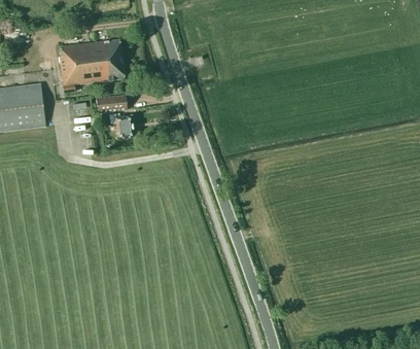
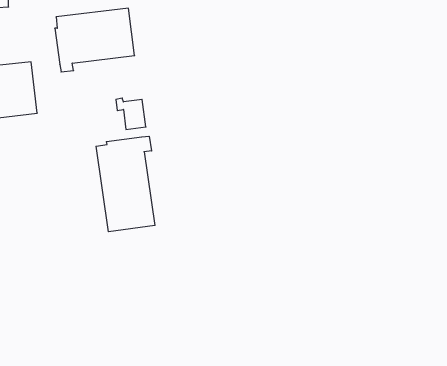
building: [98,95,128,112] -> none
building: none -> [96,136,155,232]

